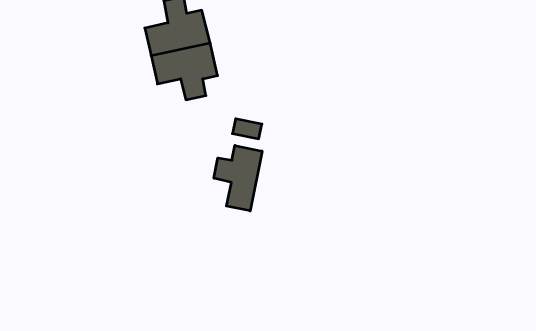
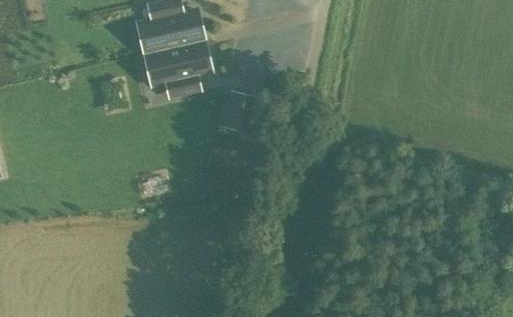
building: [214,145,262,211] -> none

